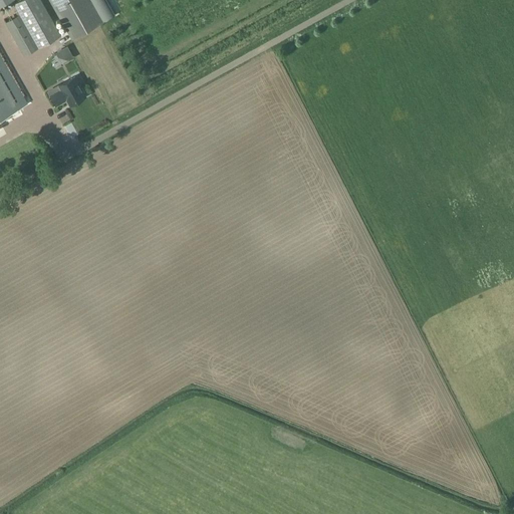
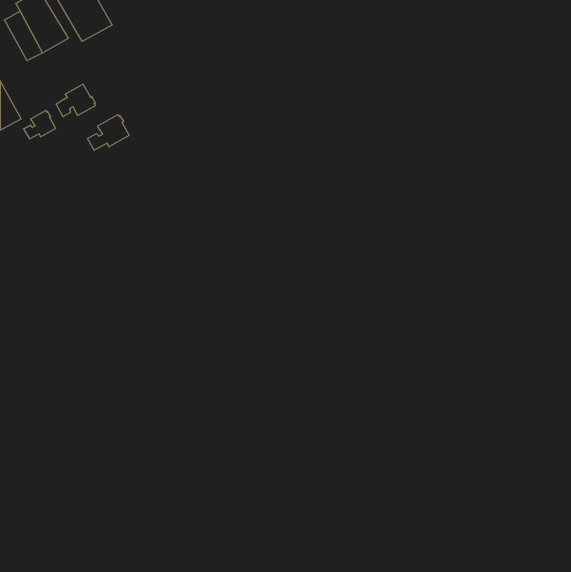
building: none -> [24,110,56,139]
building: none -> [87,115,129,150]

